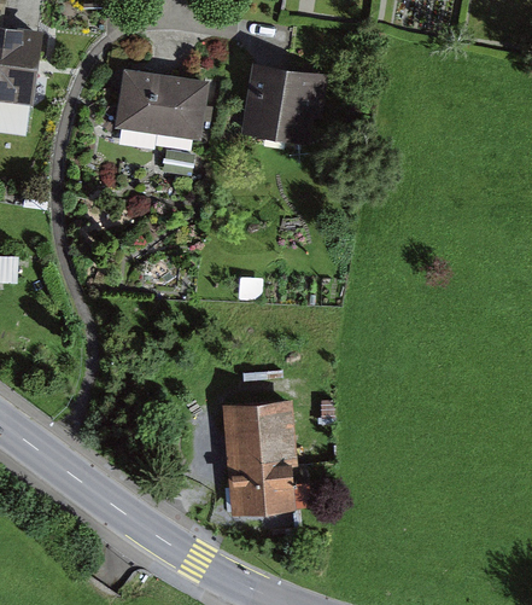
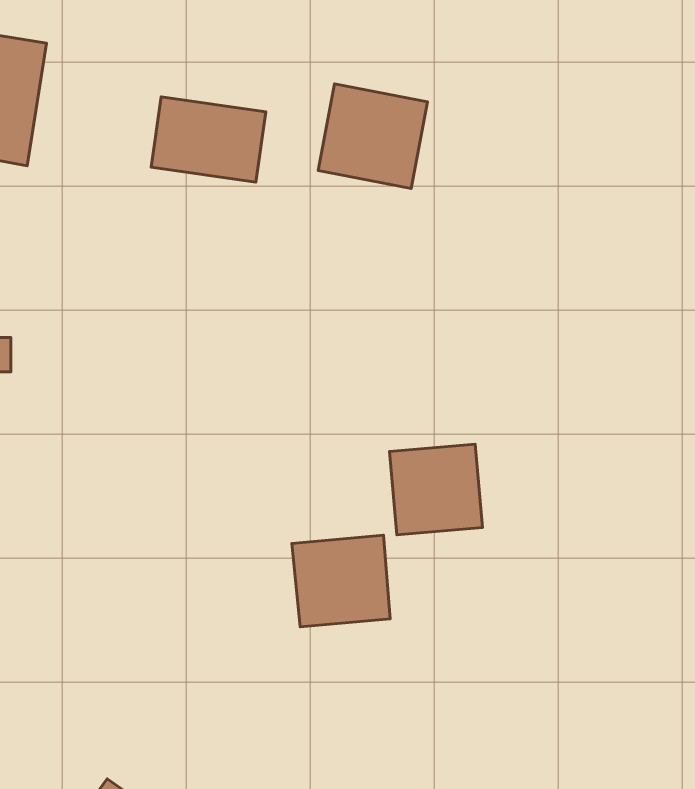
building: none -> [390,444,483,535]
building: [229,460,299,514] -> none

